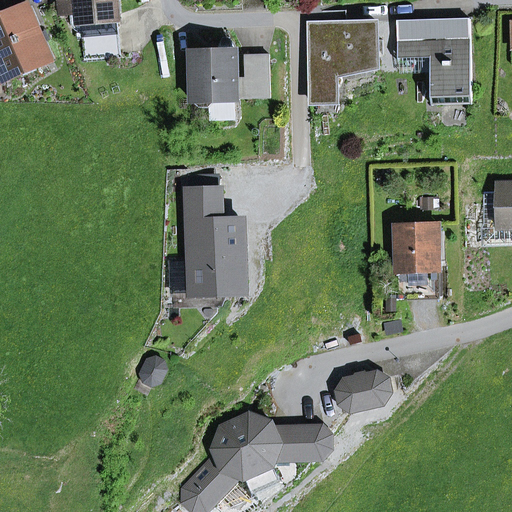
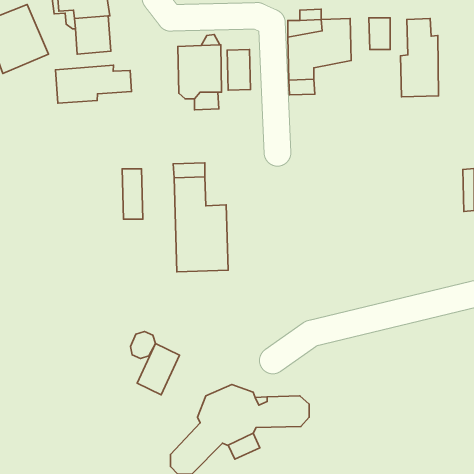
building: [397,18,470,60] -> none
building: none -> [56,65,131,103]
building: none -> [122,169,143,219]
building: [396,223,439,300] -> none
building: none -> [137,344,180,395]
building: [337,371,391,410] -> none

